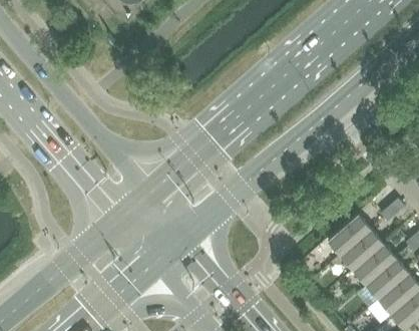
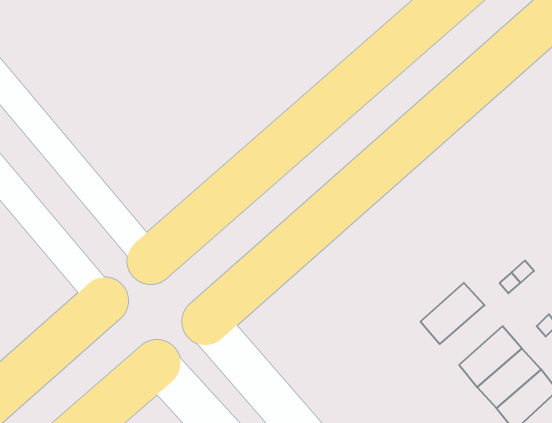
building: [341,230,383,270] -> none

